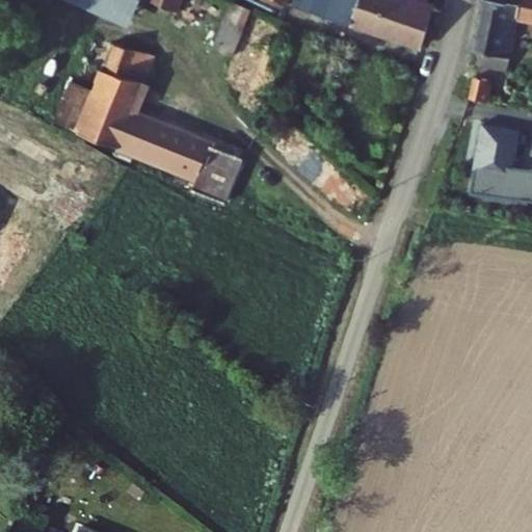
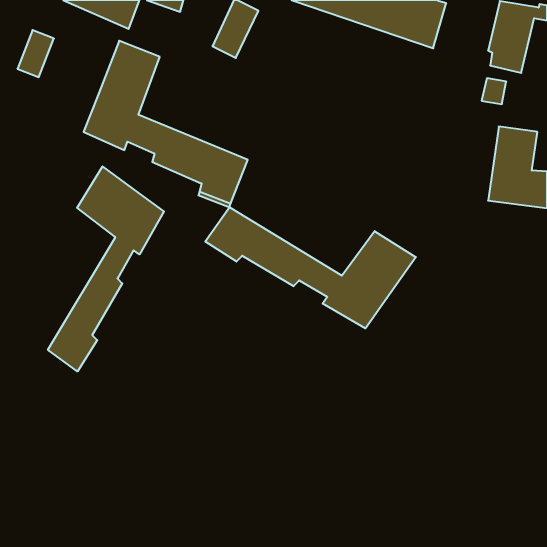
building: [60,83,96,129] -> [17,30,54,77]
building: none -> [48,166,164,371]
building: none -> [205,207,416,328]

